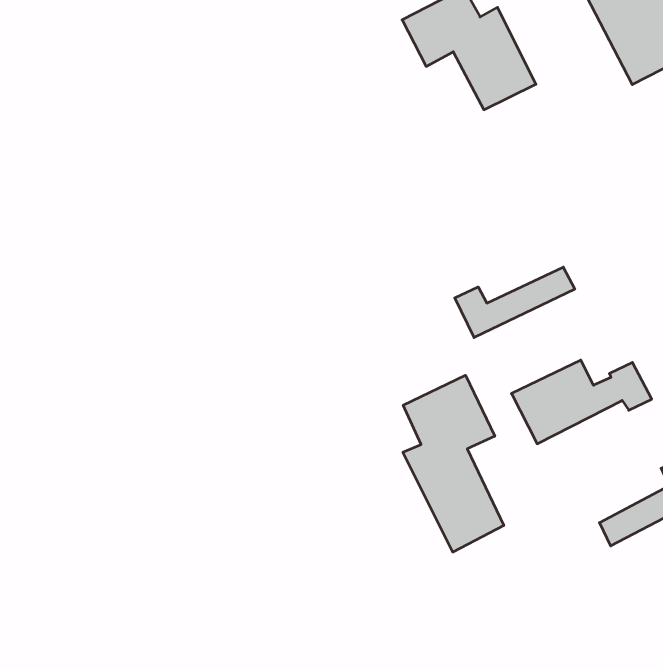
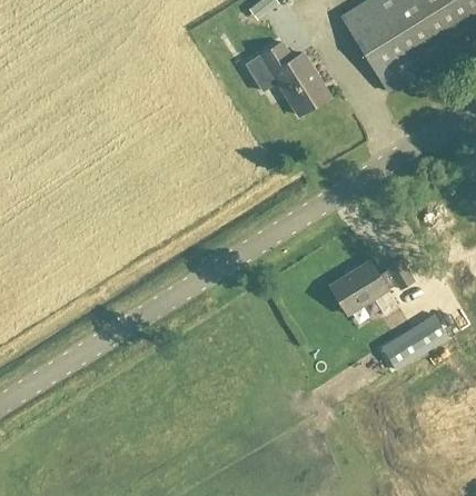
building: [455,267,575,338] -> none
building: [403,375,504,552] -> none

